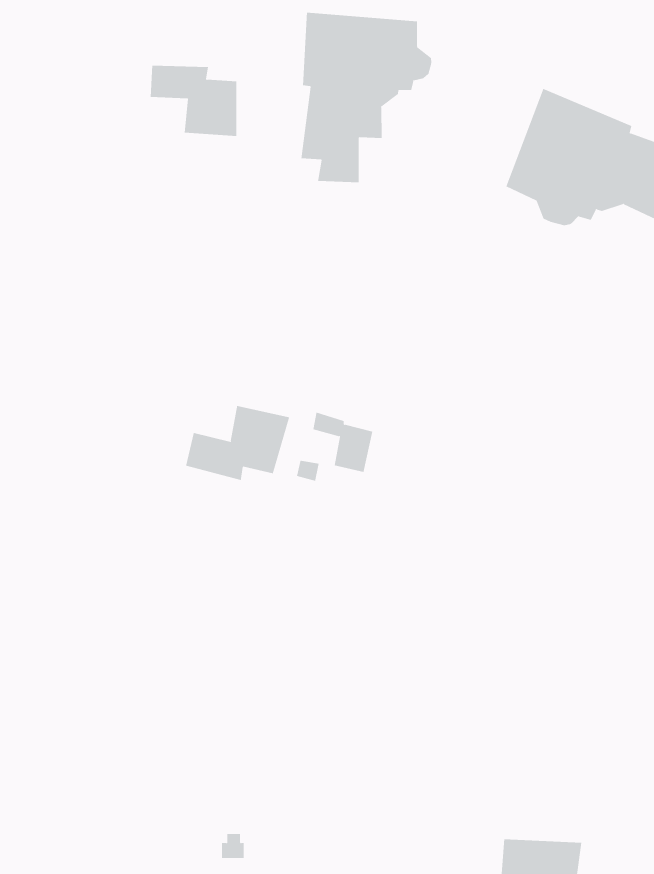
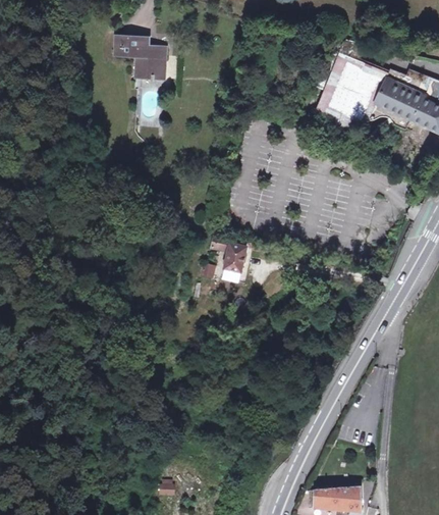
building: [301,12,432,183] -> none
building: [185,405,290,481] -> none

